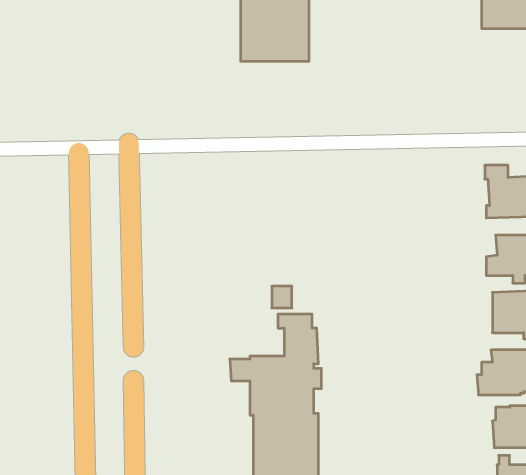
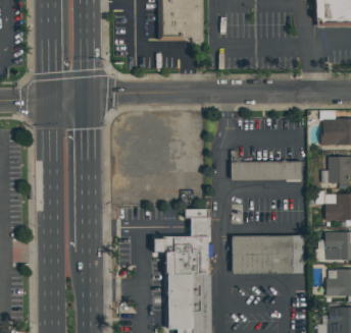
building: none -> [230,161,301,182]
building: none -> [231,235,302,274]

